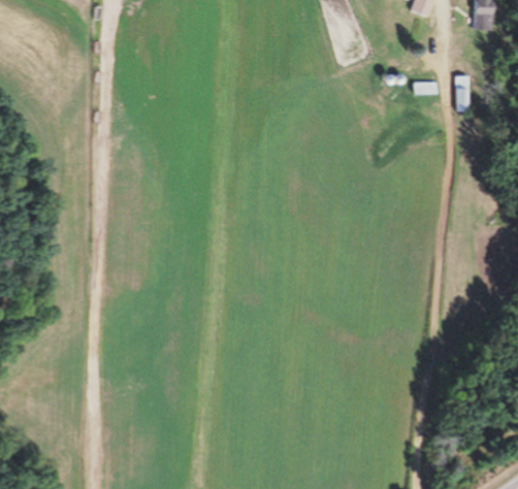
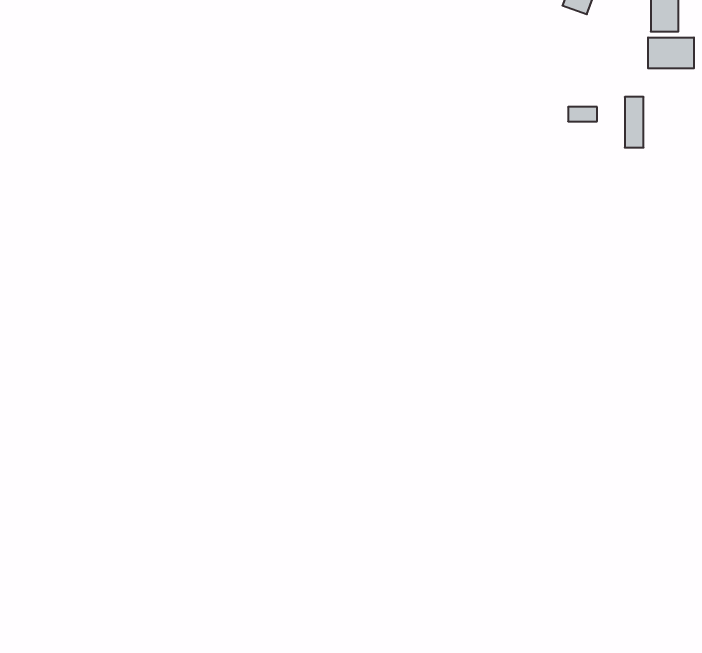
building: none -> [648,37,694,68]

